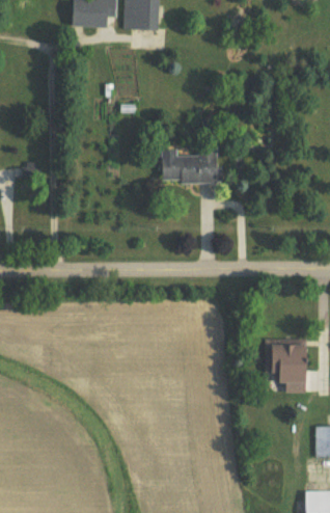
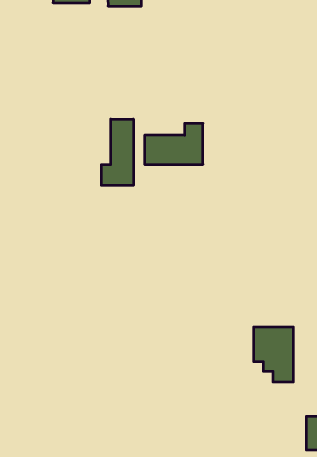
building: none -> [101,119,133,185]

